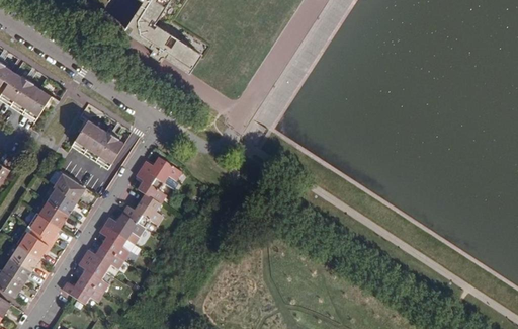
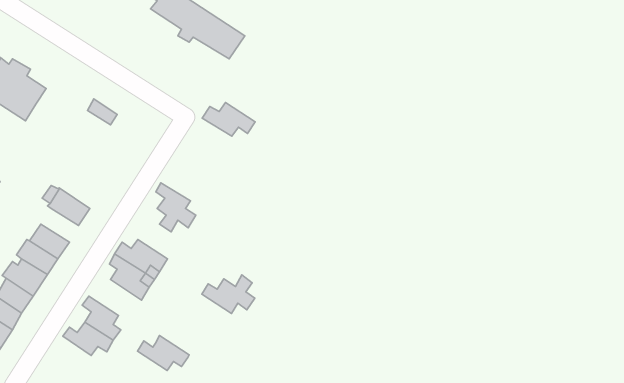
building: [69,118,121,168] -> none
building: [139,156,180,182] -> [202,103,255,136]
building: [45,188,74,215] -> none
building: [120,197,162,228] -> [202,275,255,314]
building: [82,245,122,272] -> [137,336,189,370]

